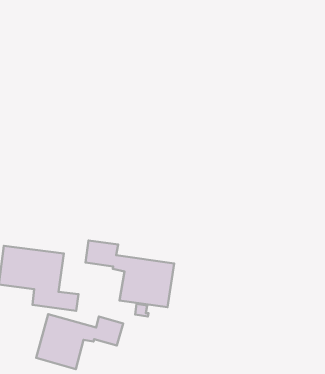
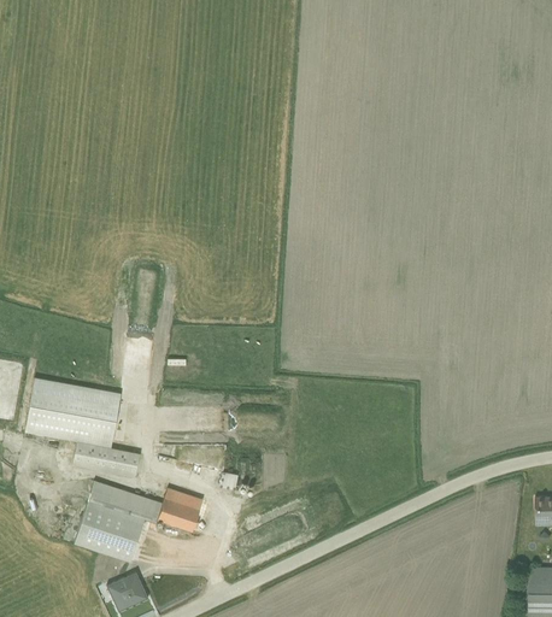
building: [86,241,174,307] -> none

